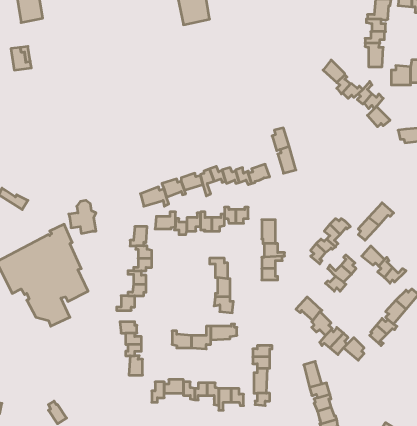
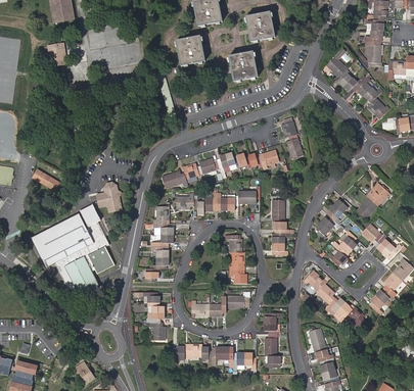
building: none -> [248,10,276,39]
building: none -> [178,34,205,62]
building: none -> [231,50,260,79]

